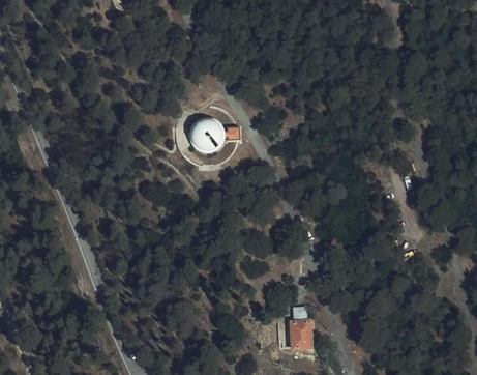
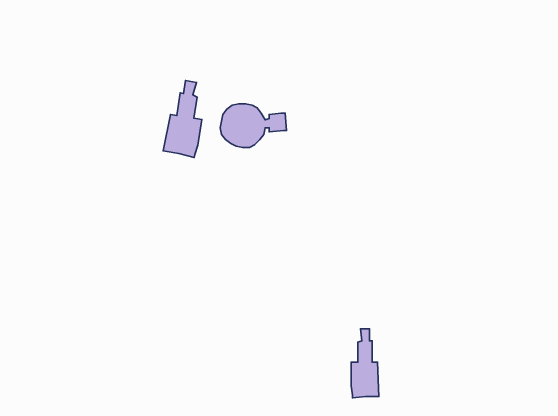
building: none -> [163,81,202,157]

